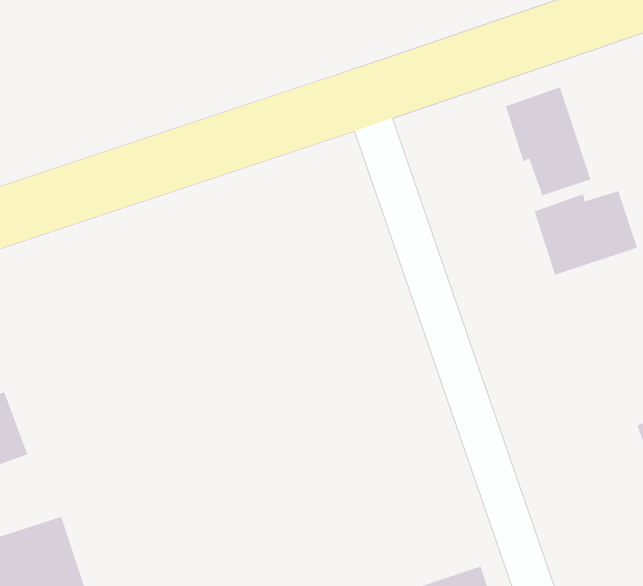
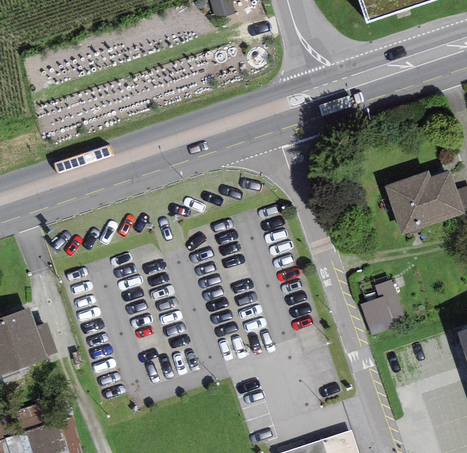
building: [505,86,591,196] -> none
building: none -> [360,276,407,332]

